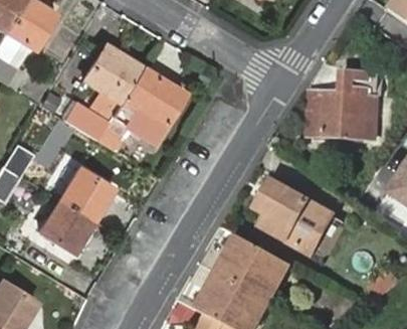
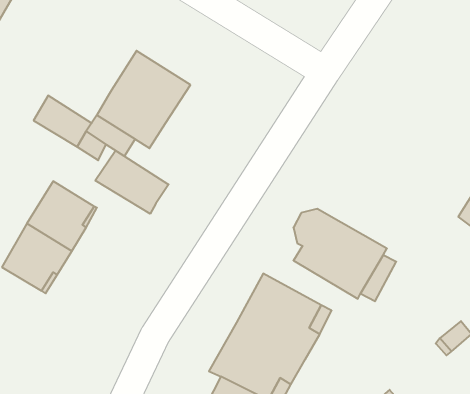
building: [84,43,143,101] -> none
building: [309,72,381,139] -> none
building: none -> [95,150,169,214]

